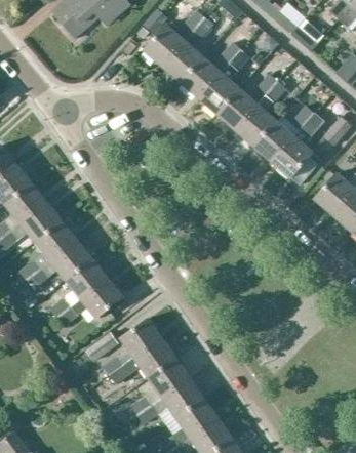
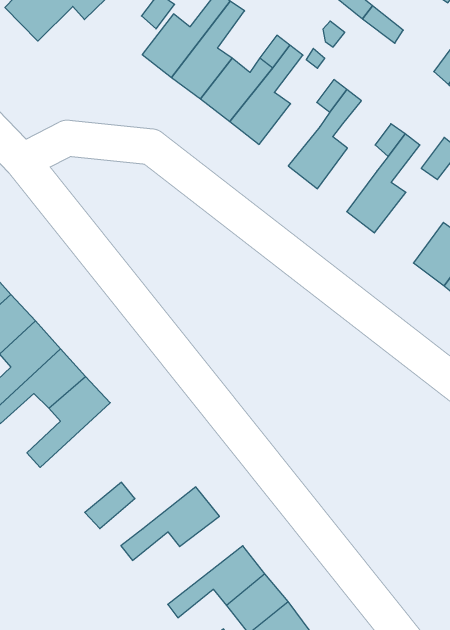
building: [216,87,258,128] -> none
building: [253,119,293,161] -> none
building: [57,278,121,326] -> none
building: [102,319,160,373] -> none
building: [130,358,189,414] -> none

